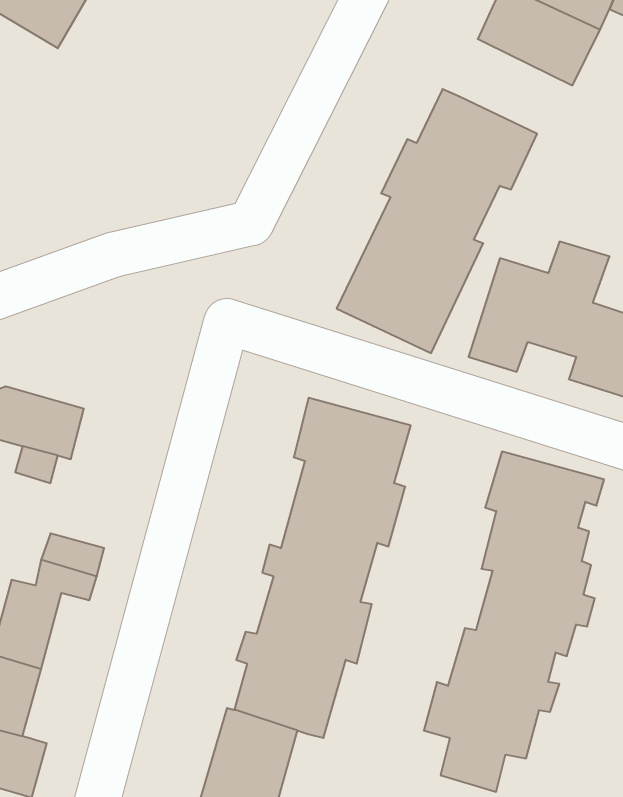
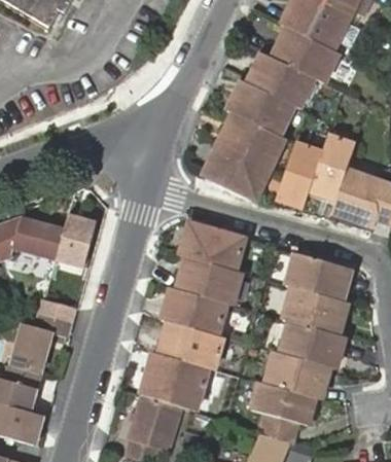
building: none -> [271,27,339,83]
building: none -> [56,215,96,265]

